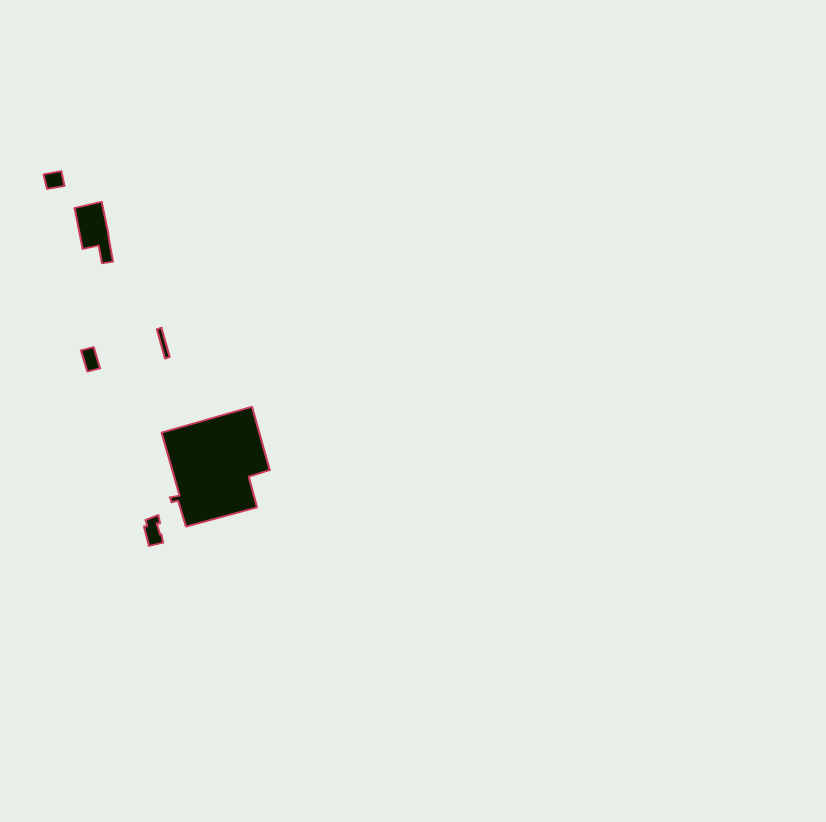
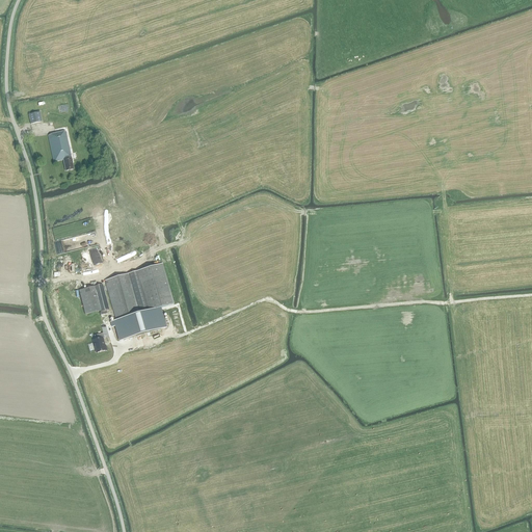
building: none -> [79,283,109,313]

